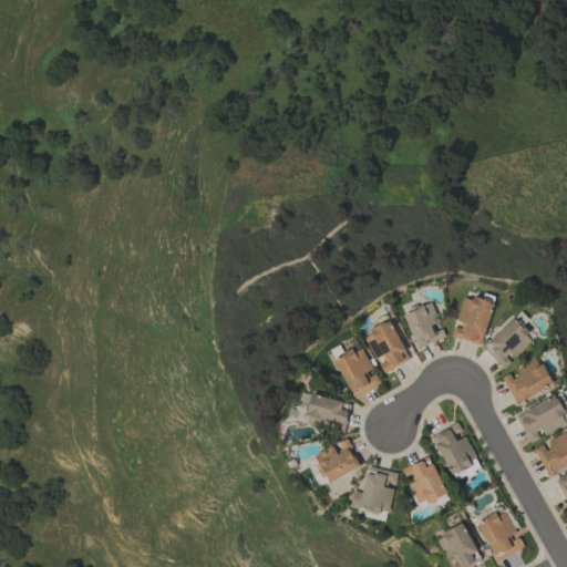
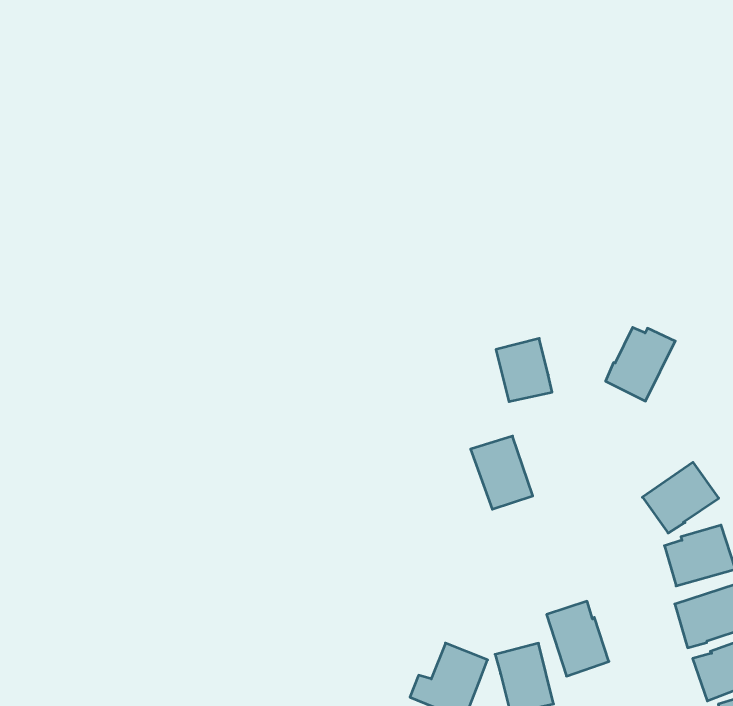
building: [452,296,494,344] -> [606,327,675,401]
building: [403,301,445,347] -> [496,338,552,402]
building: [336,347,381,395] -> none
building: [306,394,349,425] -> none
building: [307,437,361,485] -> none

